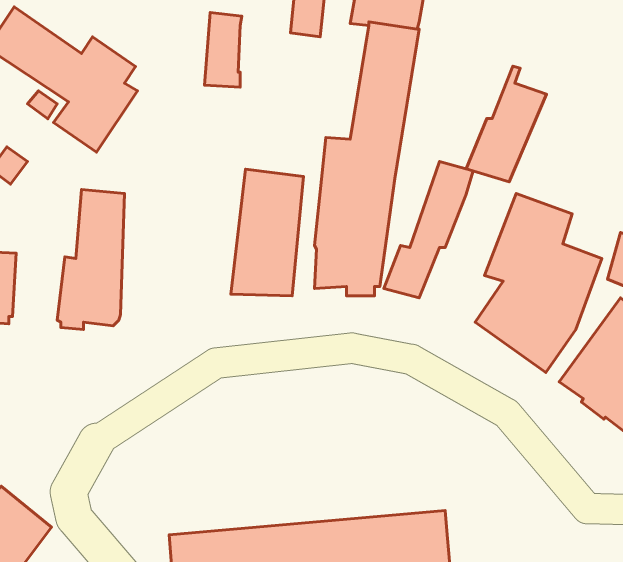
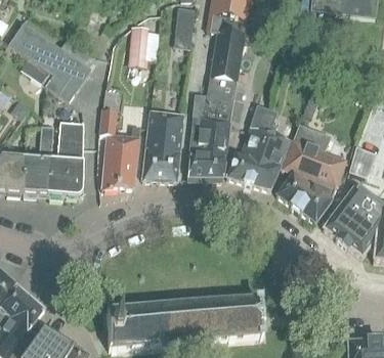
building: [466,66,546,182] -> [246,125,290,188]
building: none -> [99,108,139,187]
building: none -> [23,125,53,196]

